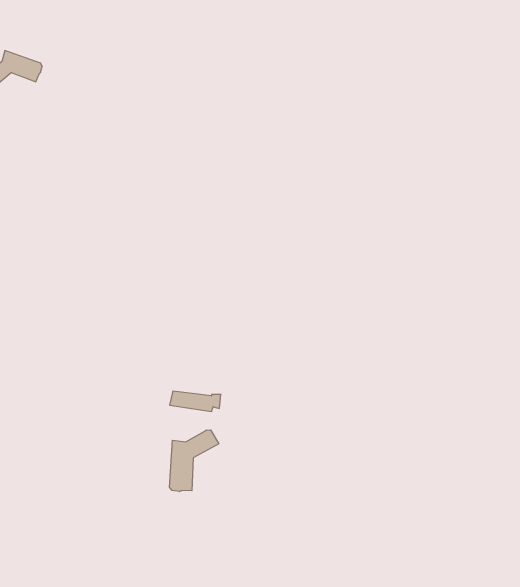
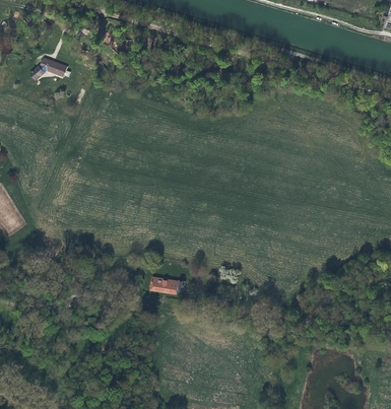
building: [169,430,219,492] -> none

